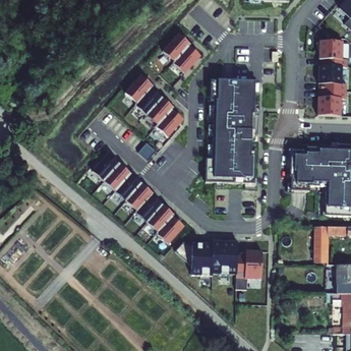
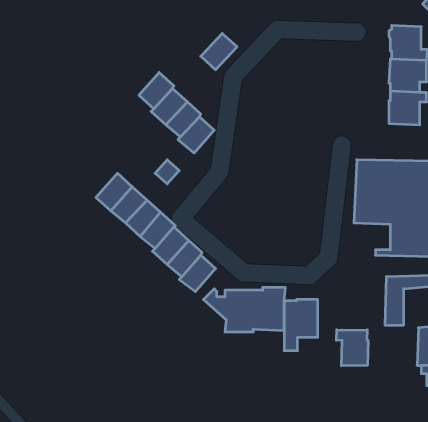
building: [165,34,192,62] -> none
building: [207,79,257,183] -> none
building: none -> [336,330,368,366]

